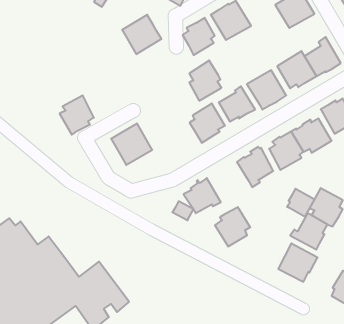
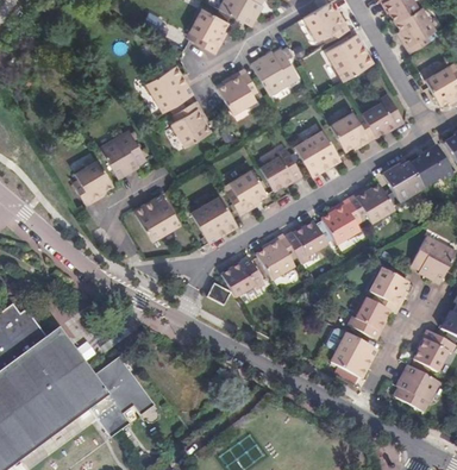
building: [189,60,221,101] -> [173,99,211,146]
building: none -> [100,130,144,178]
building: none -> [192,195,237,242]
building: [287,189,314,217] -> none
building: [215,207,250,246] -> [253,234,295,281]

